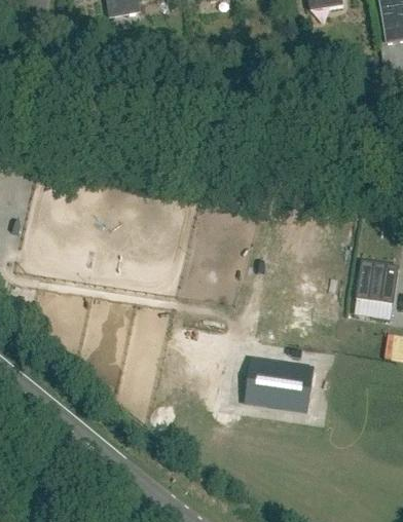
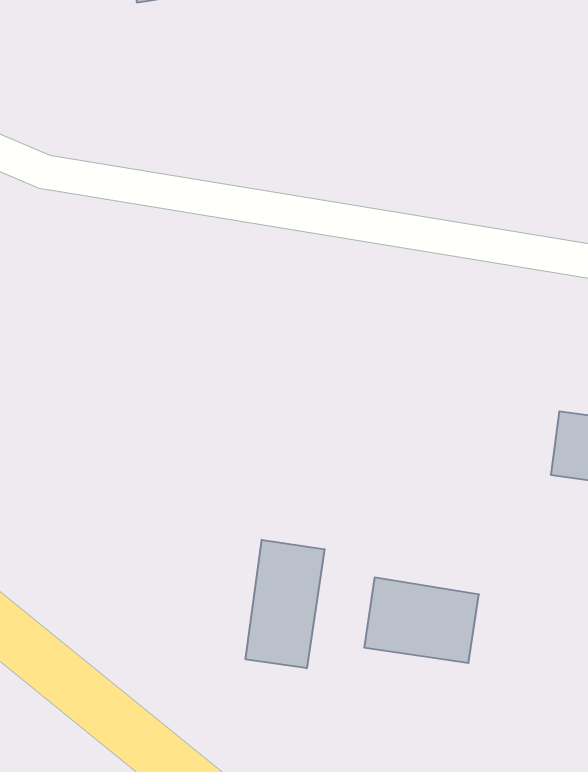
building: none -> [246,540,324,668]

